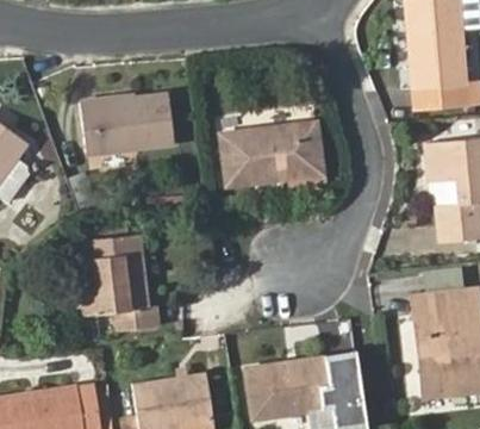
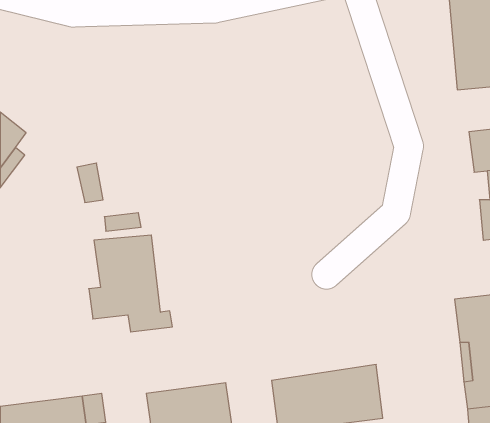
building: [81,95,174,153] -> none
building: [222,124,322,185] -> none

